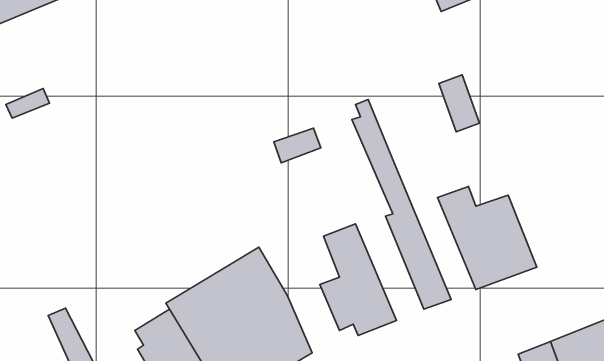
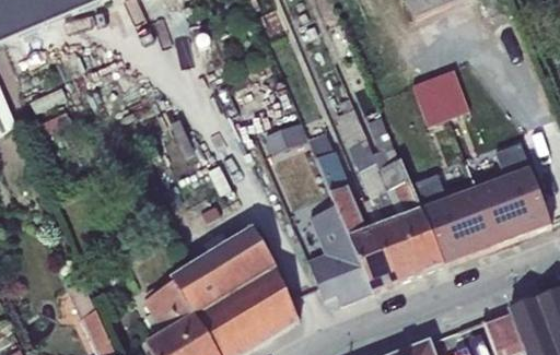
building: none -> [431,67,468,117]
building: none -> [365,109,443,272]
building: none -> [308,130,397,291]
building: none -> [471,141,550,244]

